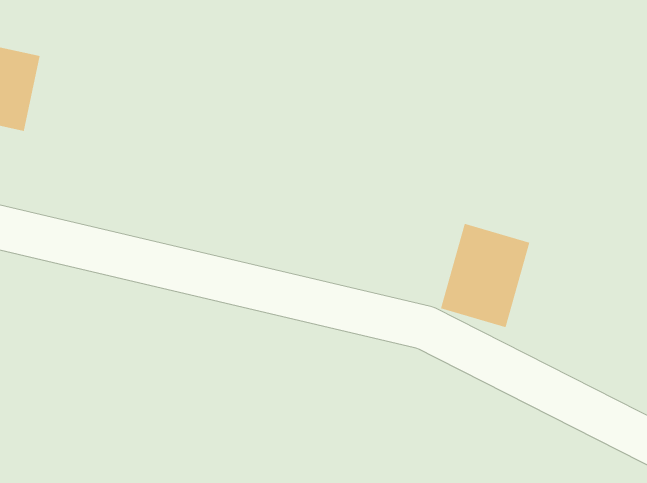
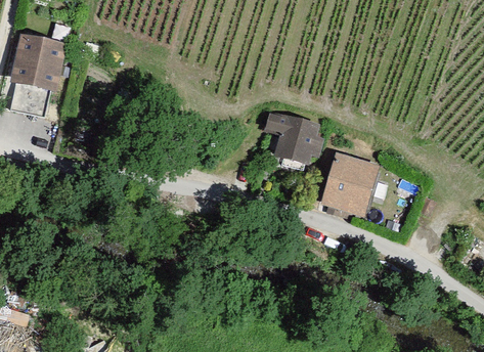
building: none -> [265,112,319,163]

